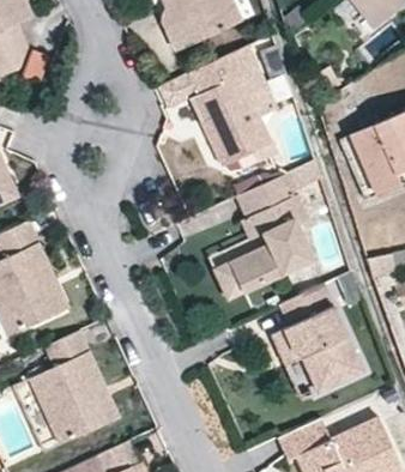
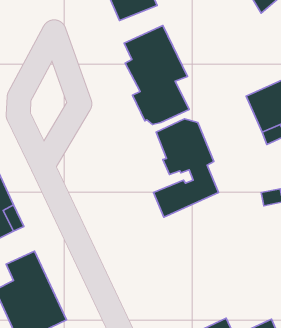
building: [276,289,359,394] -> none

